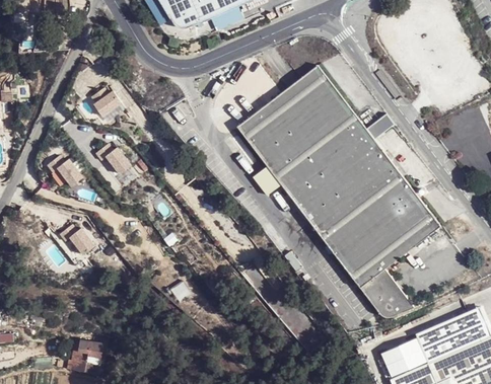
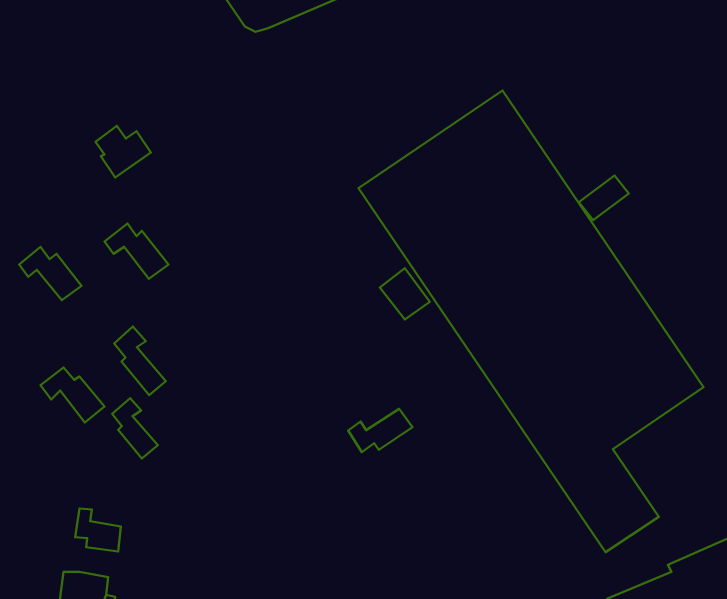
building: none -> [114,327,166,395]
building: none -> [112,398,158,458]
building: none -> [348,409,413,452]
building: none -> [75,509,121,551]

